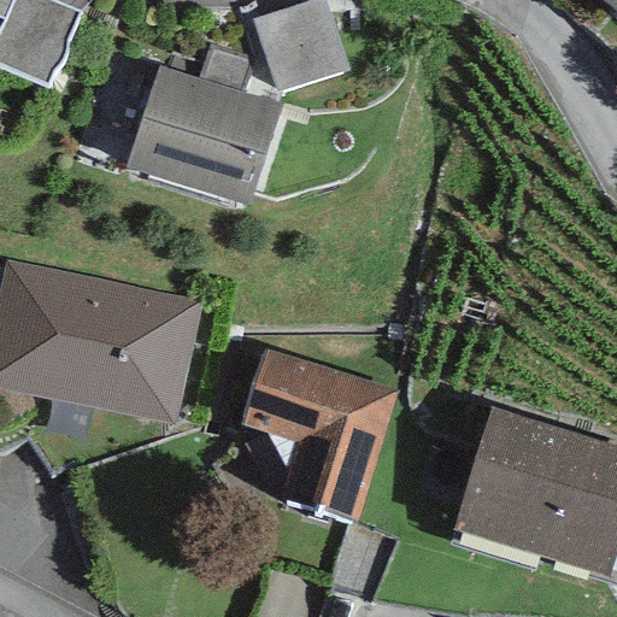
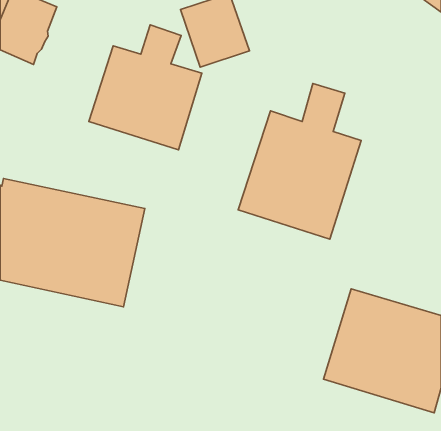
building: none -> [238,84,361,239]
building: [242,345,396,518] -> none

